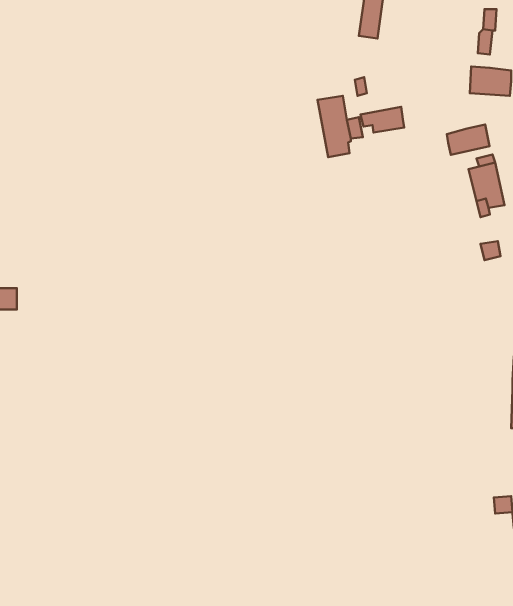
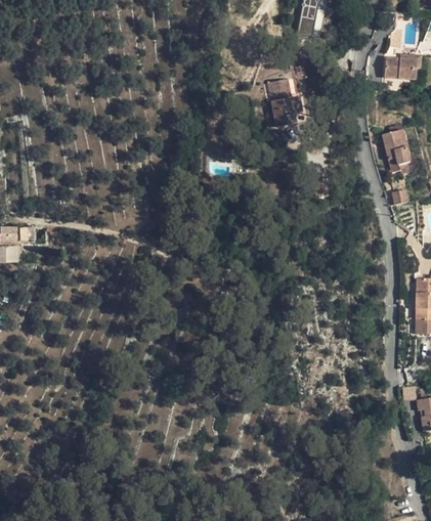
building: [360,107,404,132] -> none
building: [447,125,489,155] -> none

